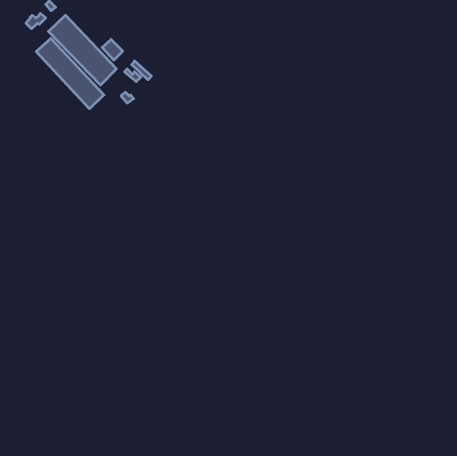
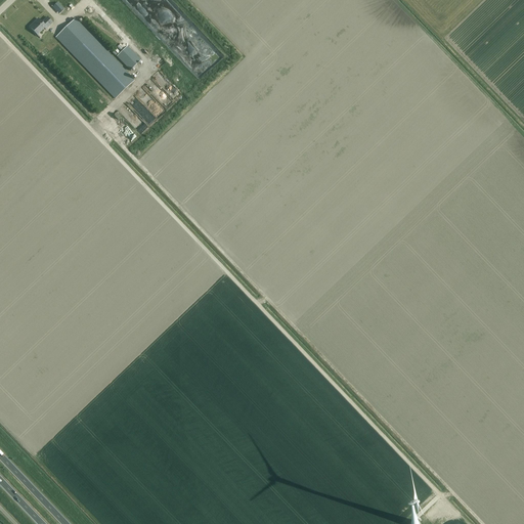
building: [36,38,104,109] -> none

